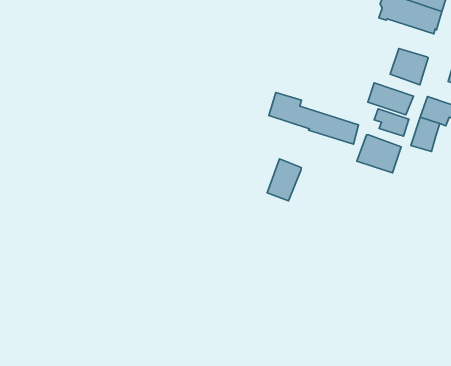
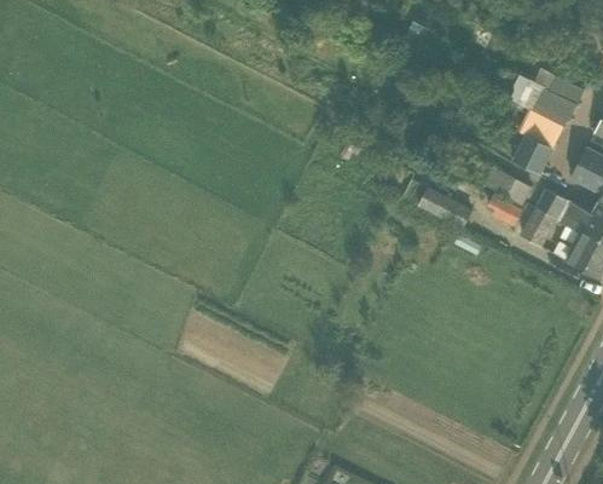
building: none -> [516,103,563,149]
building: [357,135,401,173] -> none
building: [267,159,301,201] -> none

